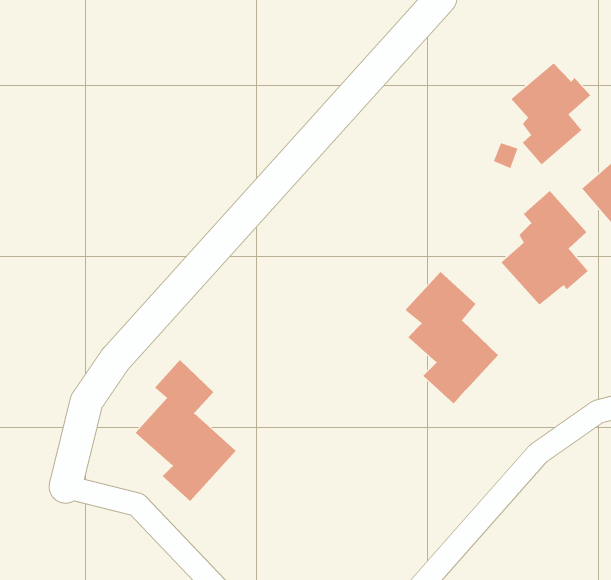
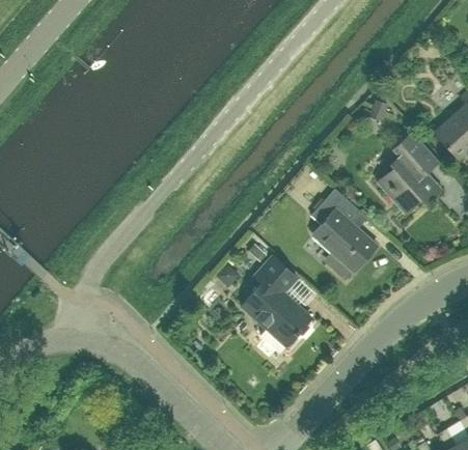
building: [511,62,591,165] -> none
building: [135,359,237,502] -> [242,255,312,354]

